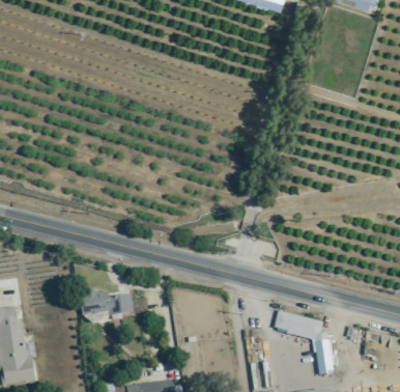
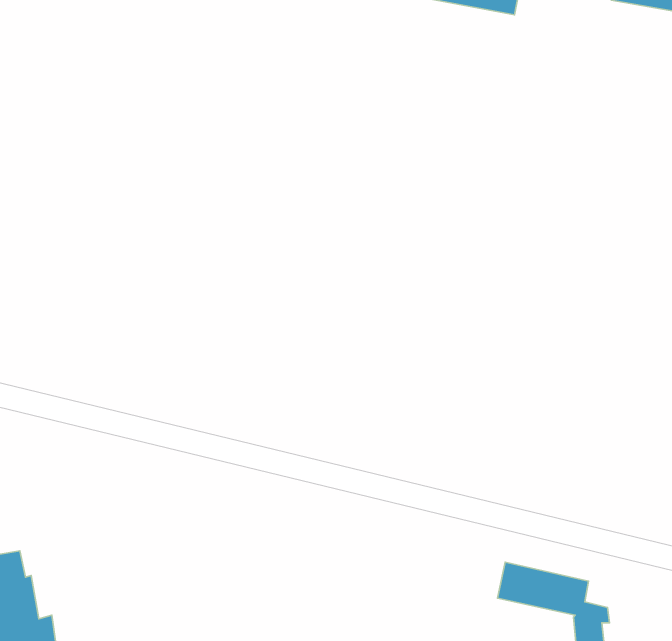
building: [76,285,130,320] -> none

